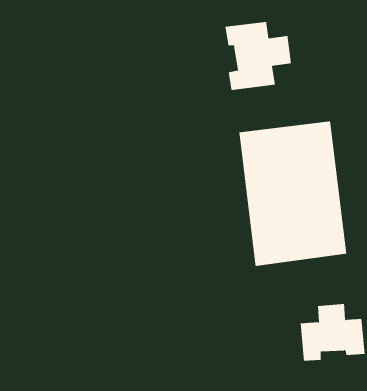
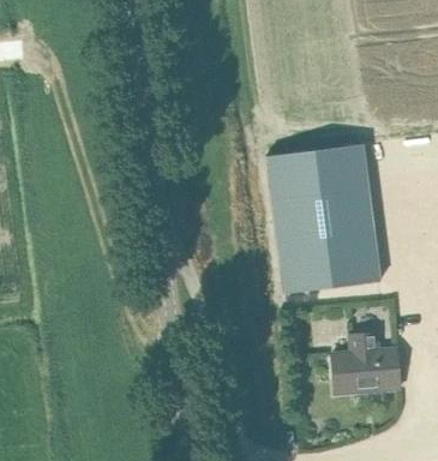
building: [225,21,291,91] -> none

